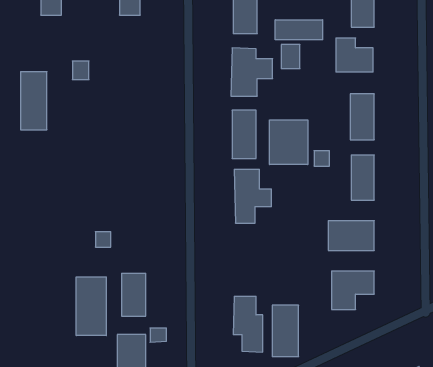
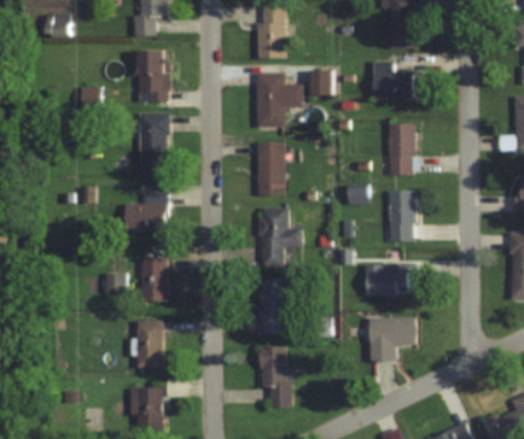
building: [275,20,323,40] -> none
building: none -> [140,49,170,101]
building: [21,72,47,130] -> [140,112,169,176]
building: [270,120,308,165] -> none
building: none -> [124,193,167,230]
building: none -> [142,257,167,302]
building: [76,277,106,336] -> none
building: [272,305,299,357] -> [260,277,289,334]

